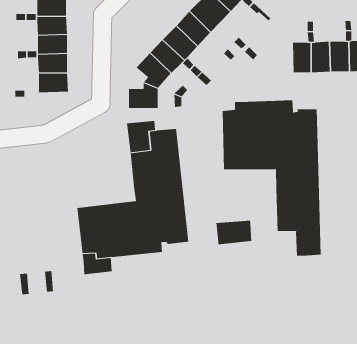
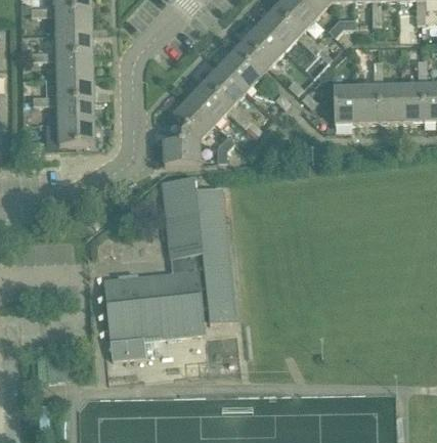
building: none -> [333,85,356,122]
building: [222,99,321,256] -> none
building: [216,220,252,245] -> none

